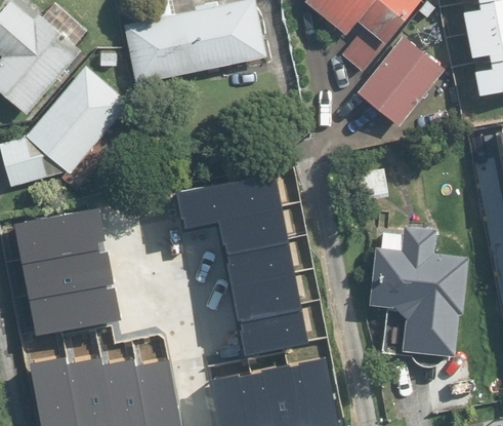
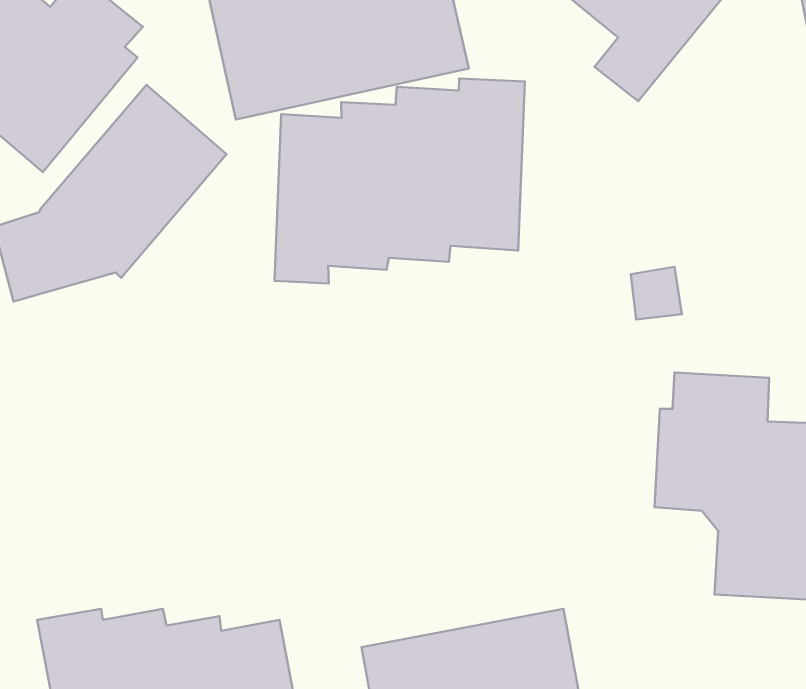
building: [364,35,449,123] -> none
building: none -> [274,79,525,284]
building: [174,177,304,358] -> none
building: [13,211,118,334] -> none

